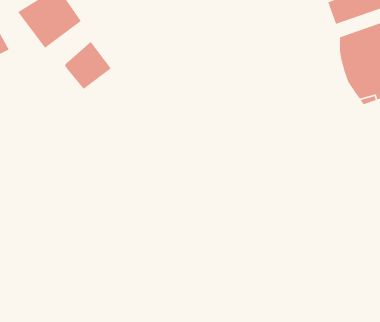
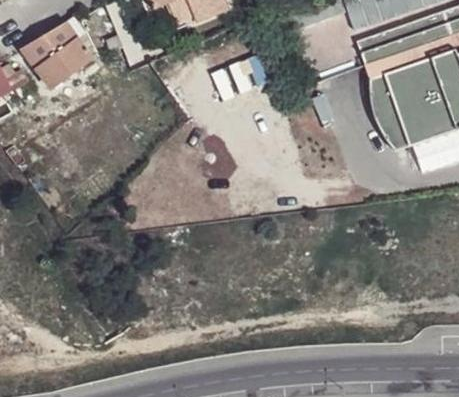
building: [64,41,112,90] -> none

